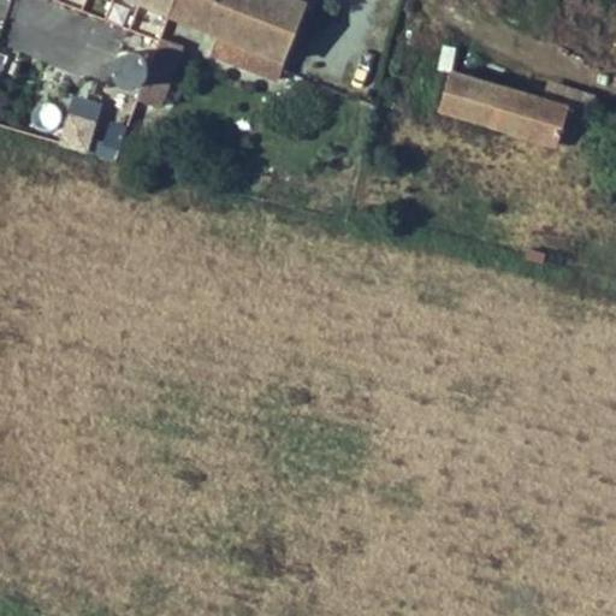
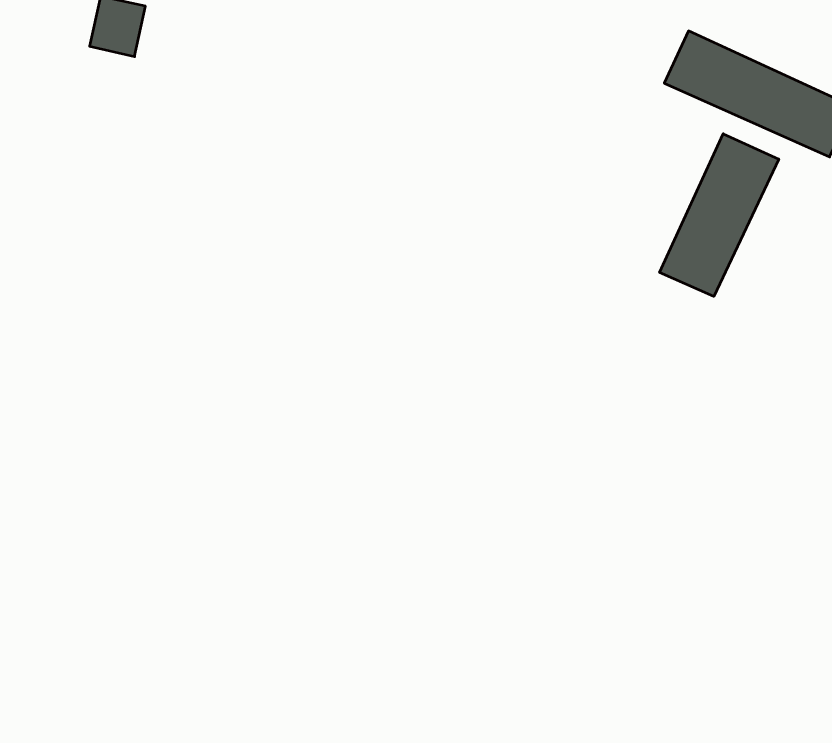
building: none -> [660,134,779,296]

